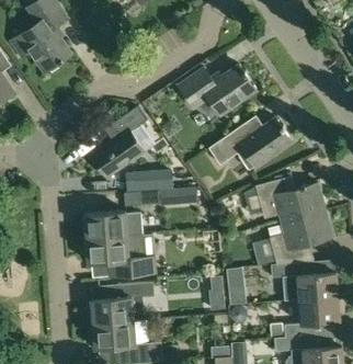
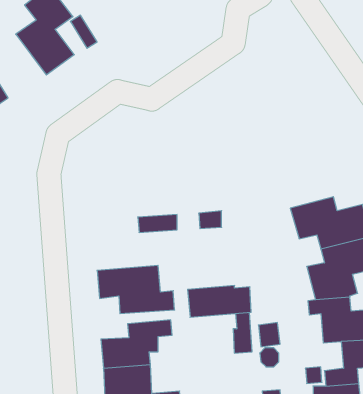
building: [179,66,258,115] -> none
building: [94,106,148,175] -> none
building: [209,116,295,168] -> none
building: [126,169,173,190] -> none
building: [88,212,143,239] -> [188,286,251,317]

